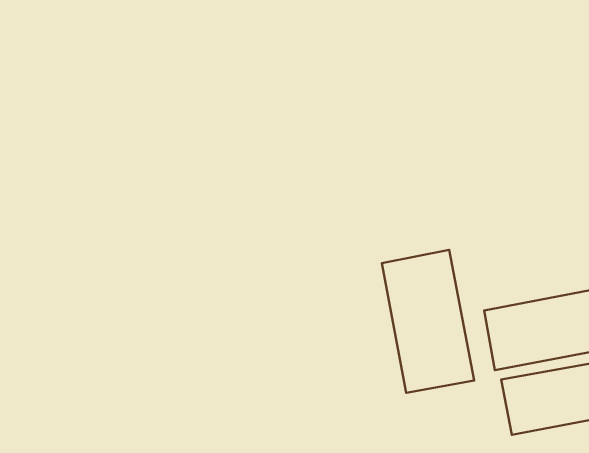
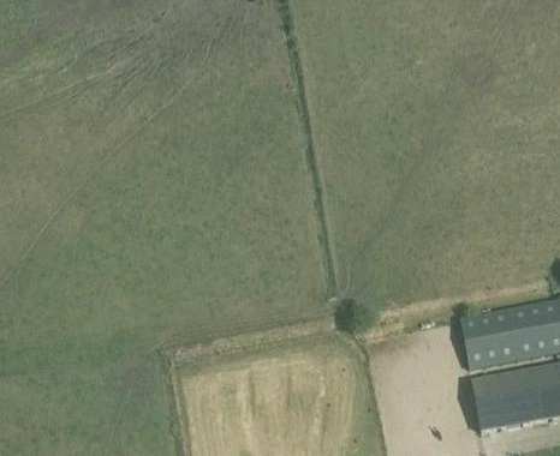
building: [382,250,474,393] -> none

